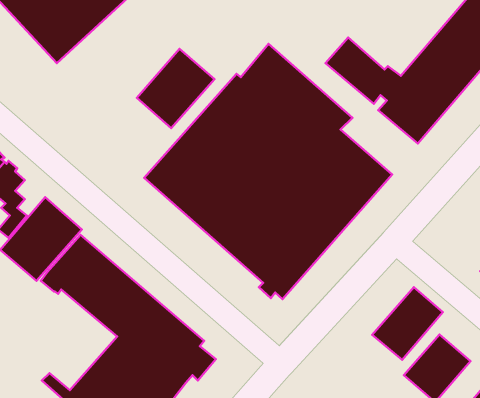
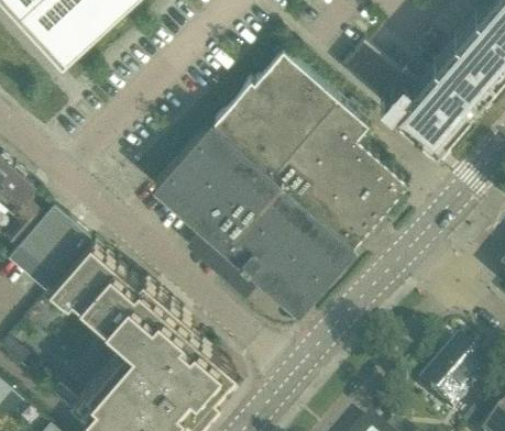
building: [137,49,214,128] -> none
building: [372,287,443,360] -> none

